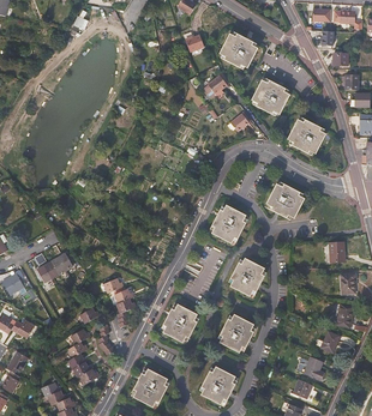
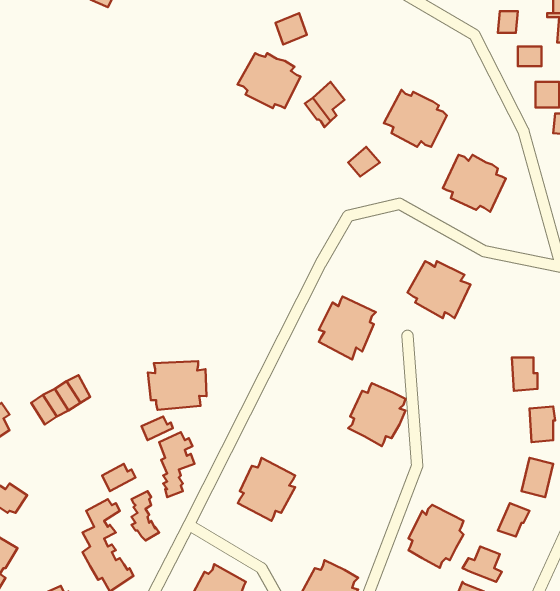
building: [218,34,257,67] -> [238,53,301,108]
building: none -> [148,361,206,410]
building: [220,314,253,352] -> [408,505,464,568]

